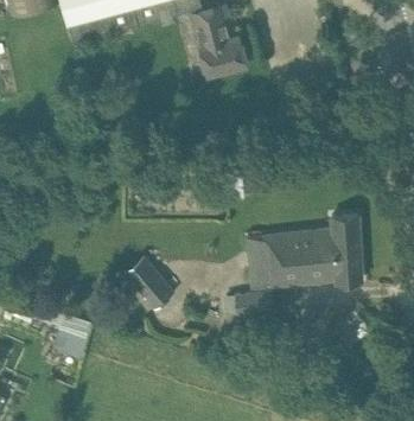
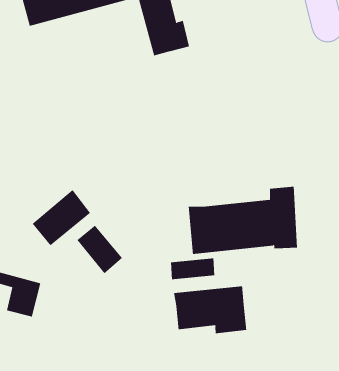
building: none -> [32,189,91,246]
building: none -> [174,286,247,334]

